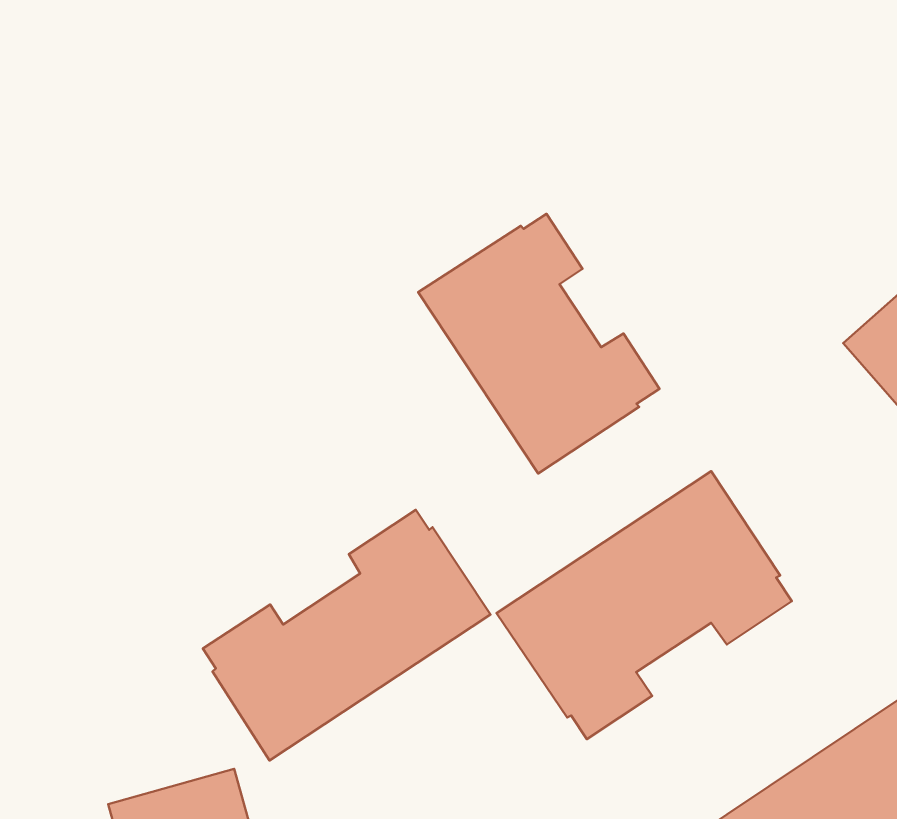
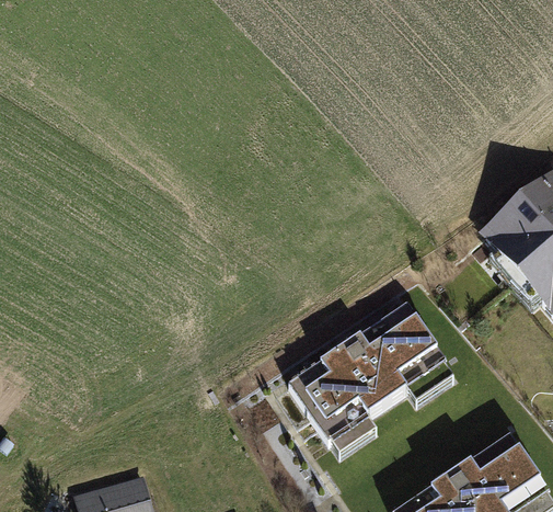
building: [418,214,660,474] -> none
building: [203,510,490,761] -> none

